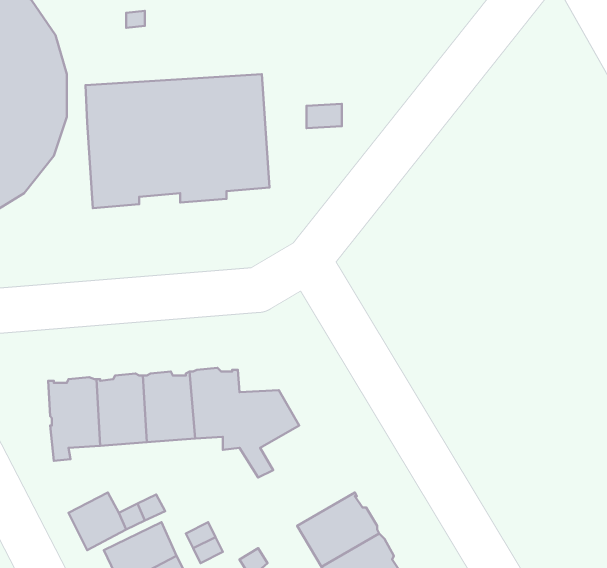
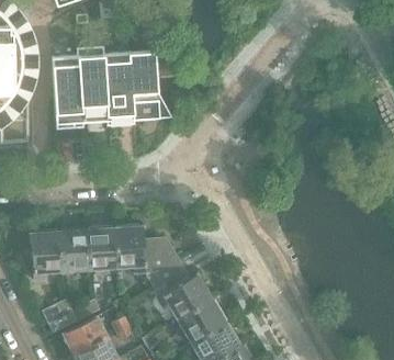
building: none -> [153,260,211,319]

